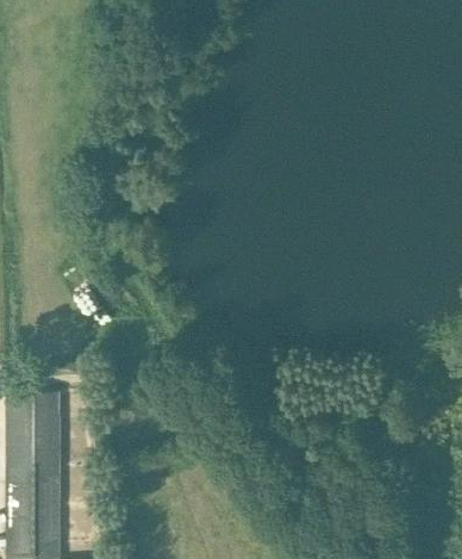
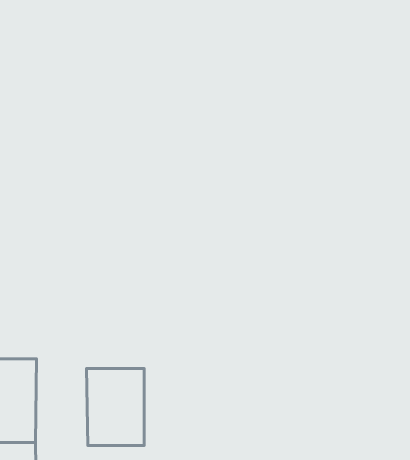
building: none -> [86,369,144,446]

